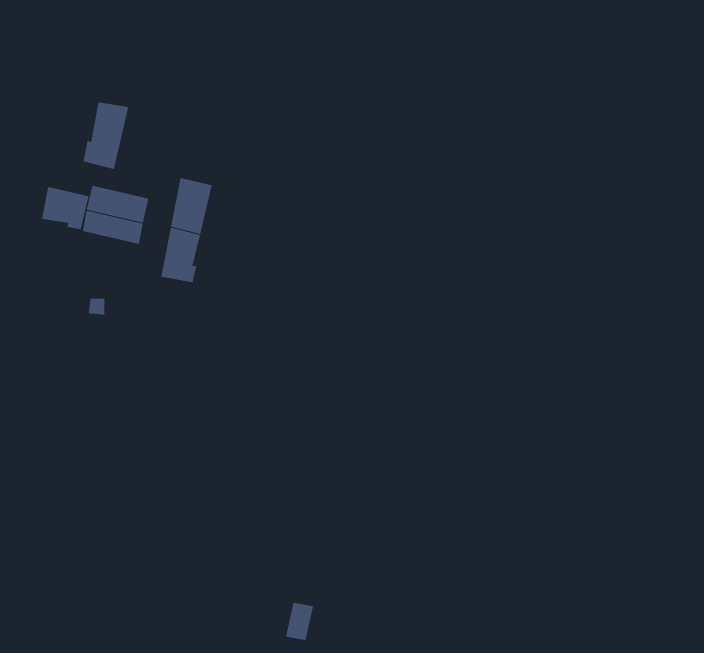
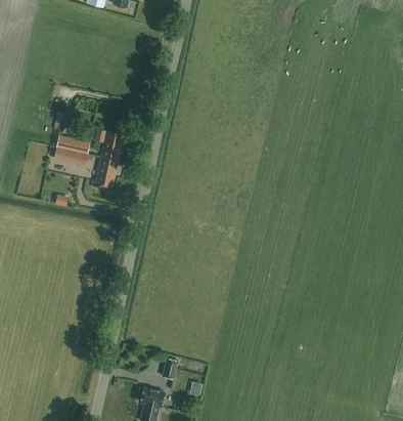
building: [83,102,129,170] -> none
building: [42,186,89,230] -> none

